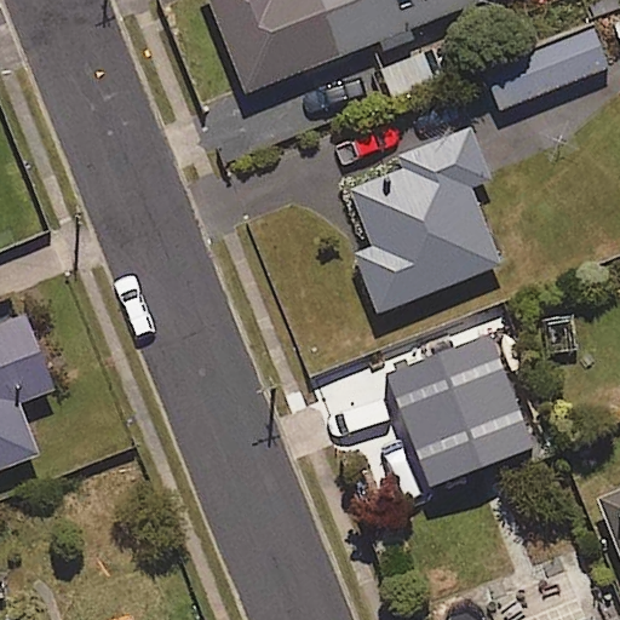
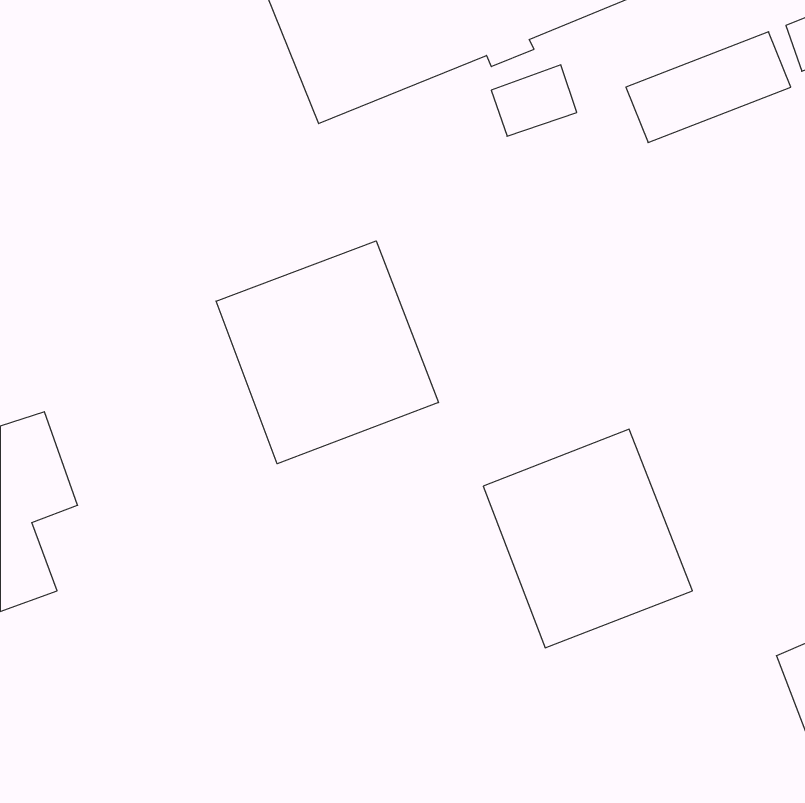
building: [345,127,500,312] -> none
building: none -> [216,241,438,464]

